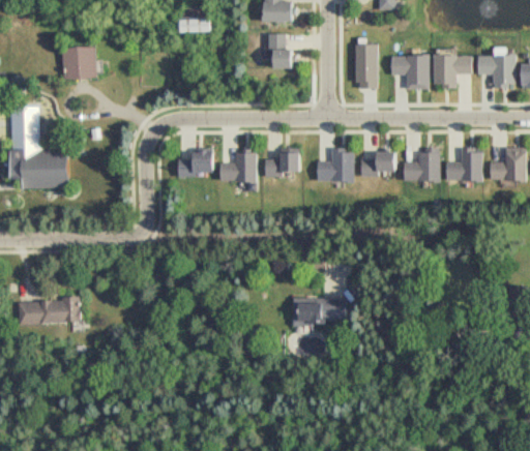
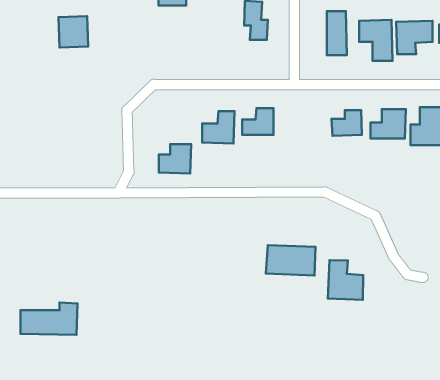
building: [11,107,71,190] -> none
building: [318,145,352,183] -> none
building: [179,146,214,178] -> [159,144,191,174]
building: [20,293,82,328] -> [21,303,78,335]
building: none -> [328,260,363,300]

